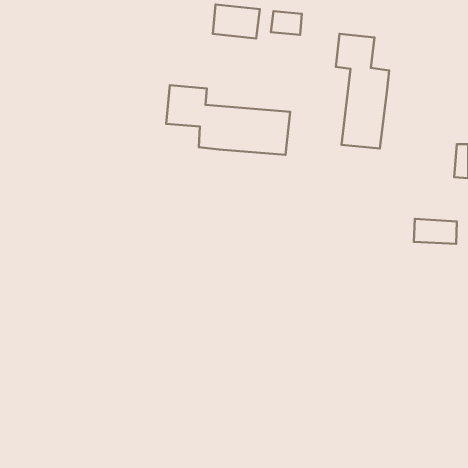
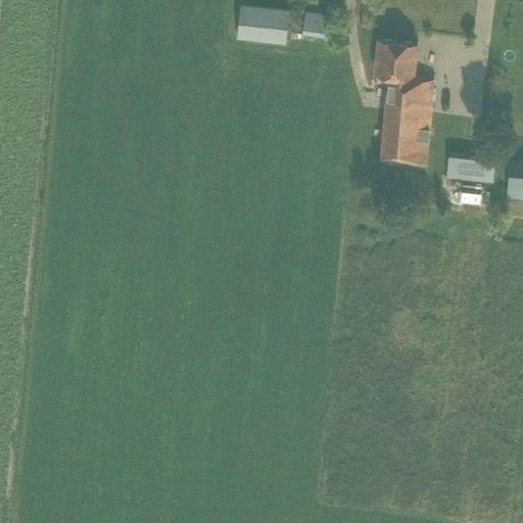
building: [166,85,290,155] -> none
building: [414,219,457,244] -> [446,153,494,181]

